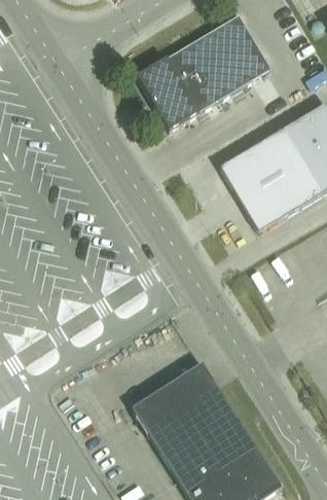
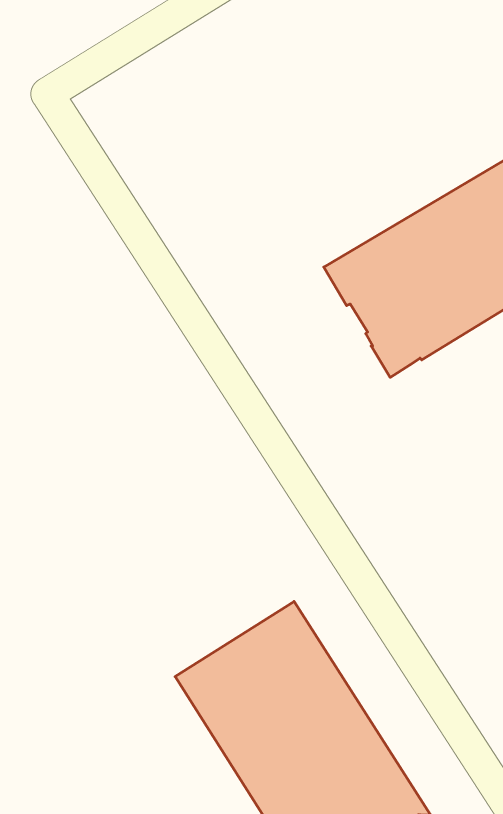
building: [136,13,270,129] -> none

